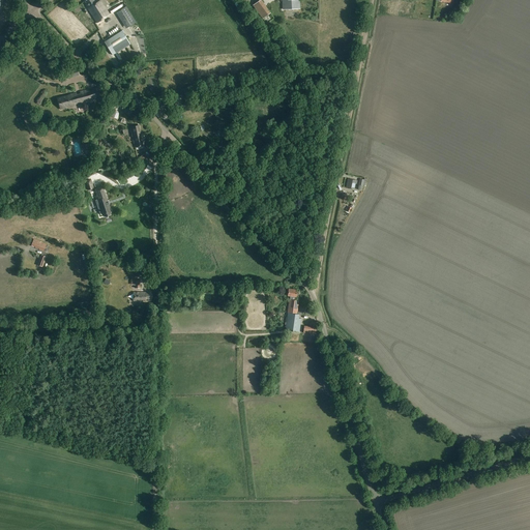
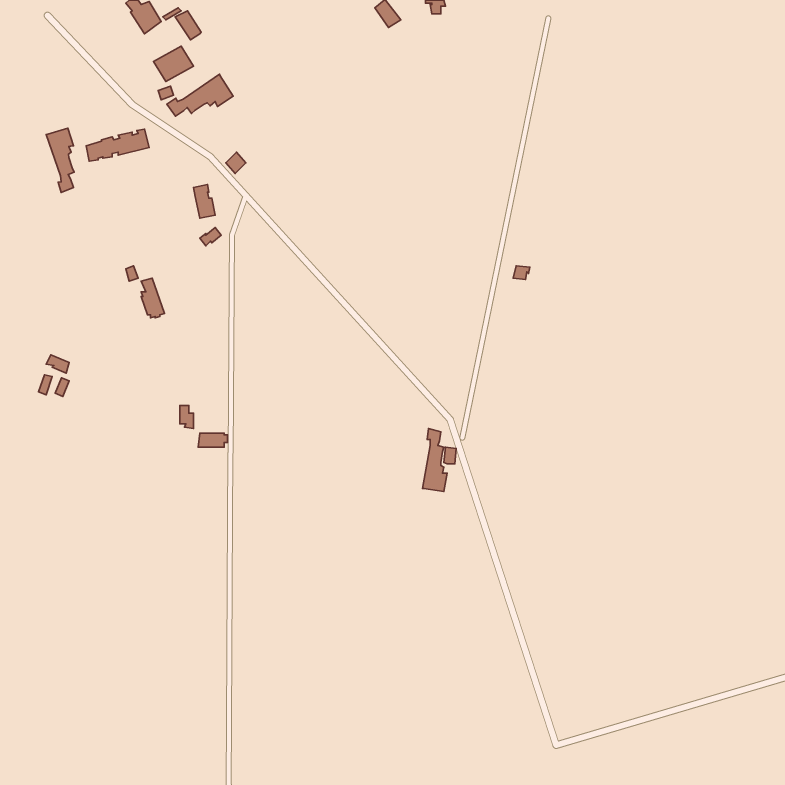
building: none -> [167,74,233,116]
building: none -> [46,128,74,193]

